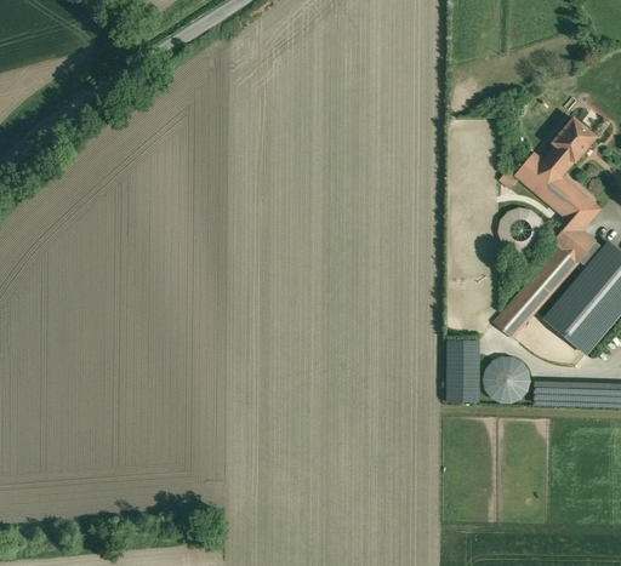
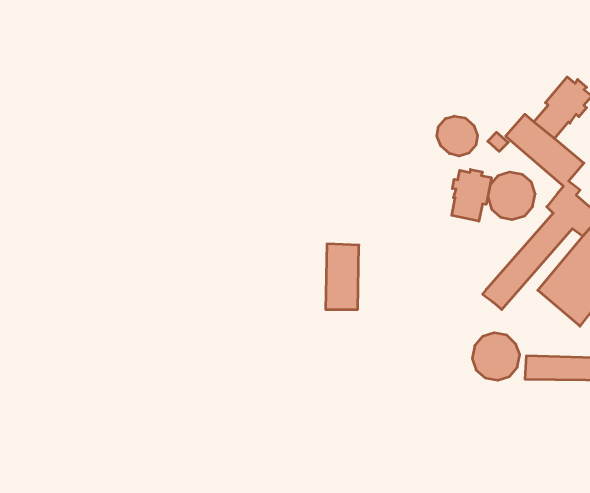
building: none -> [437,116,478,156]
building: none -> [452,169,491,221]
building: [448,339,479,401] -> [326,244,359,309]

